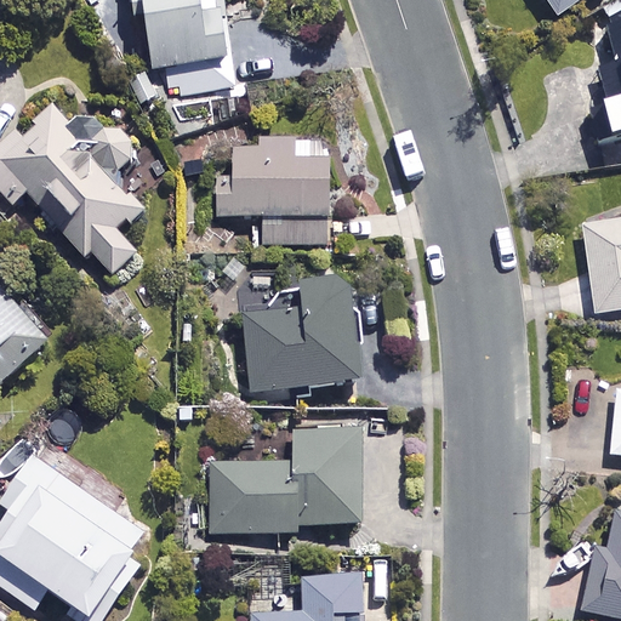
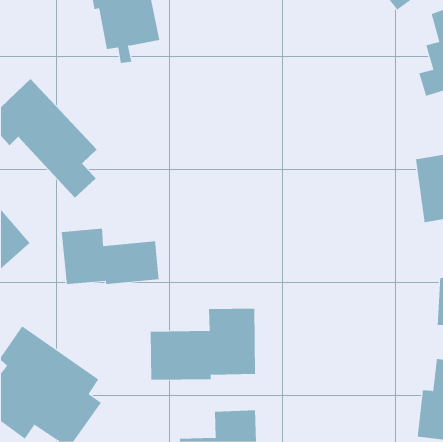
building: [220,139,330,255] -> none
building: [244,275,361,389] -> none
building: none -> [61,228,159,285]

